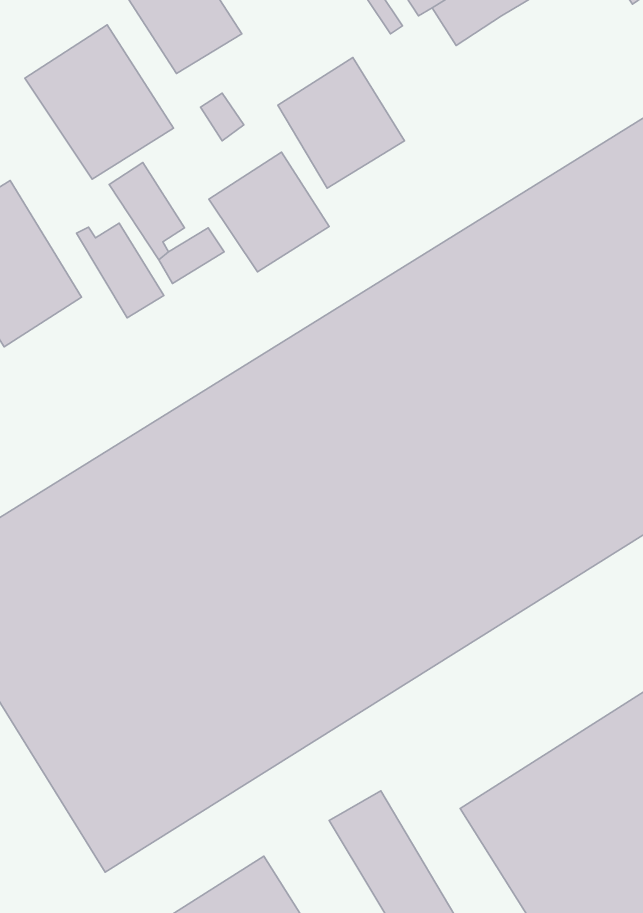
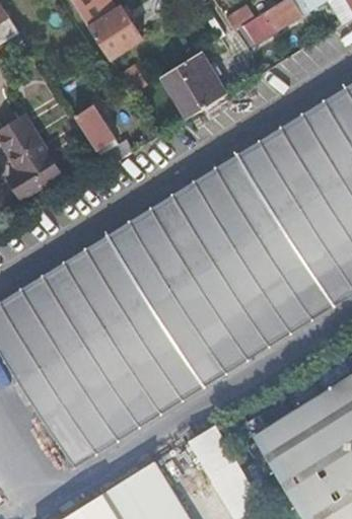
building: [25,25,173,179] -> none
building: [209,152,329,272] -> none
building: [76,223,164,318] -> none

